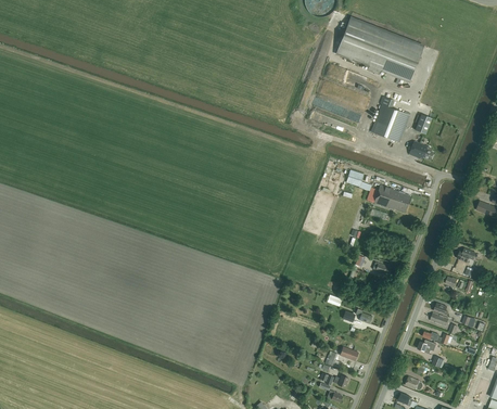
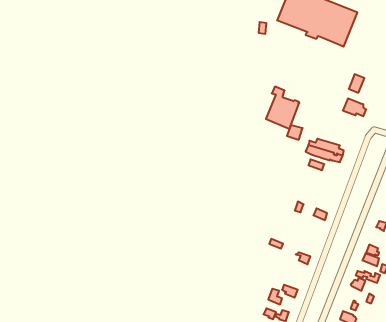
building: [373,95,410,142] -> [266,87,299,129]

